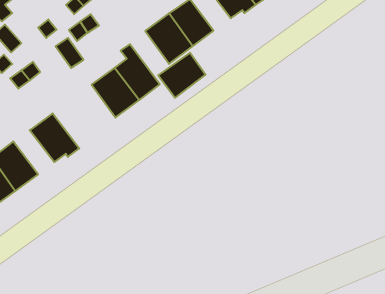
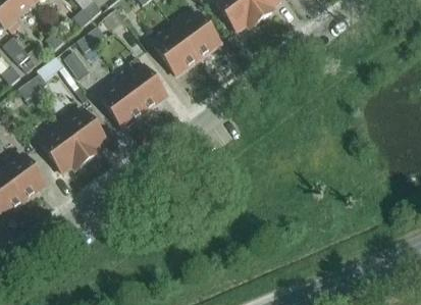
building: [158,53,206,98] -> none
building: none -> [61,108,107,159]

